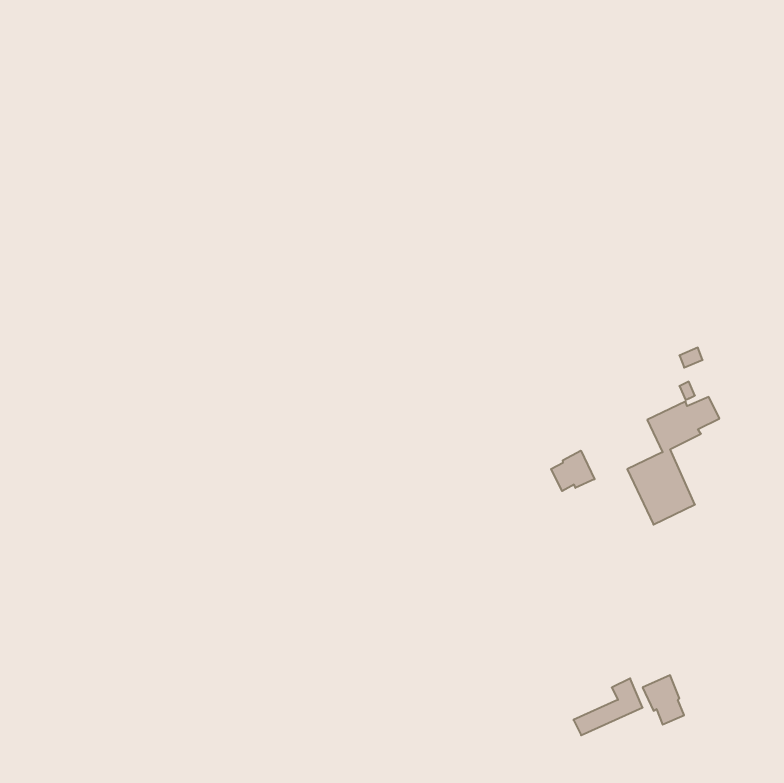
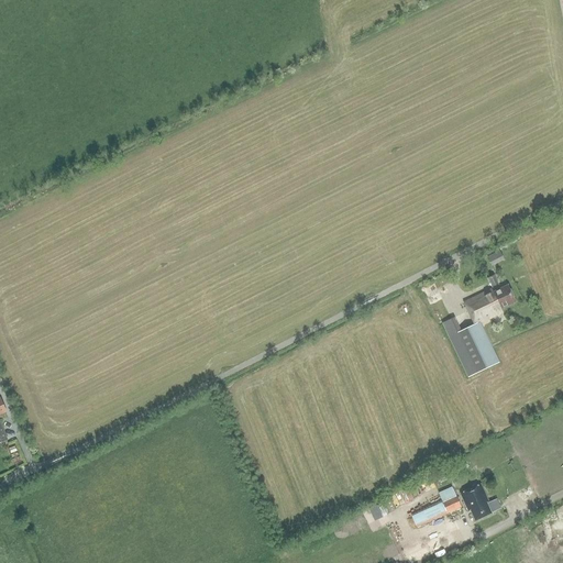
building: [551,451,595,491] -> none

